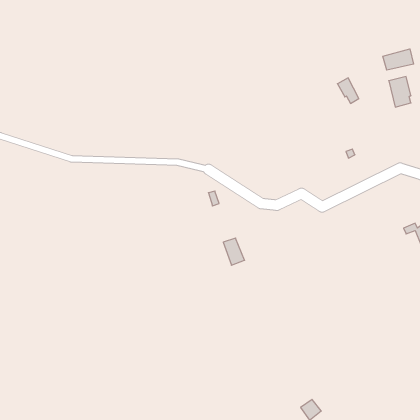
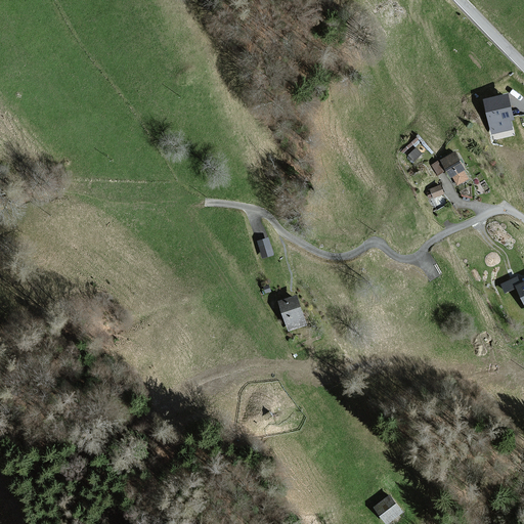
building: [383,49,414,70] -> none
building: [337,78,359,103] -> [441,152,468,184]

